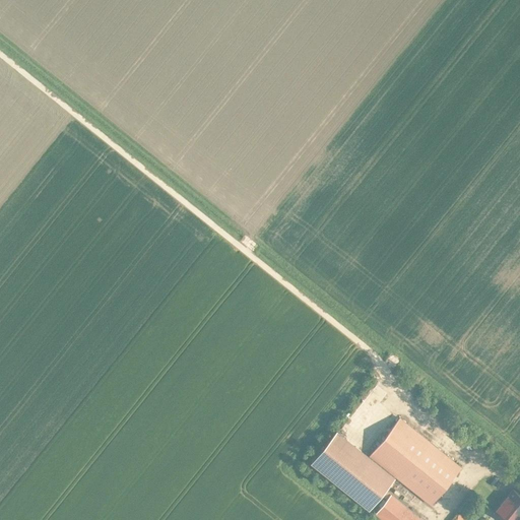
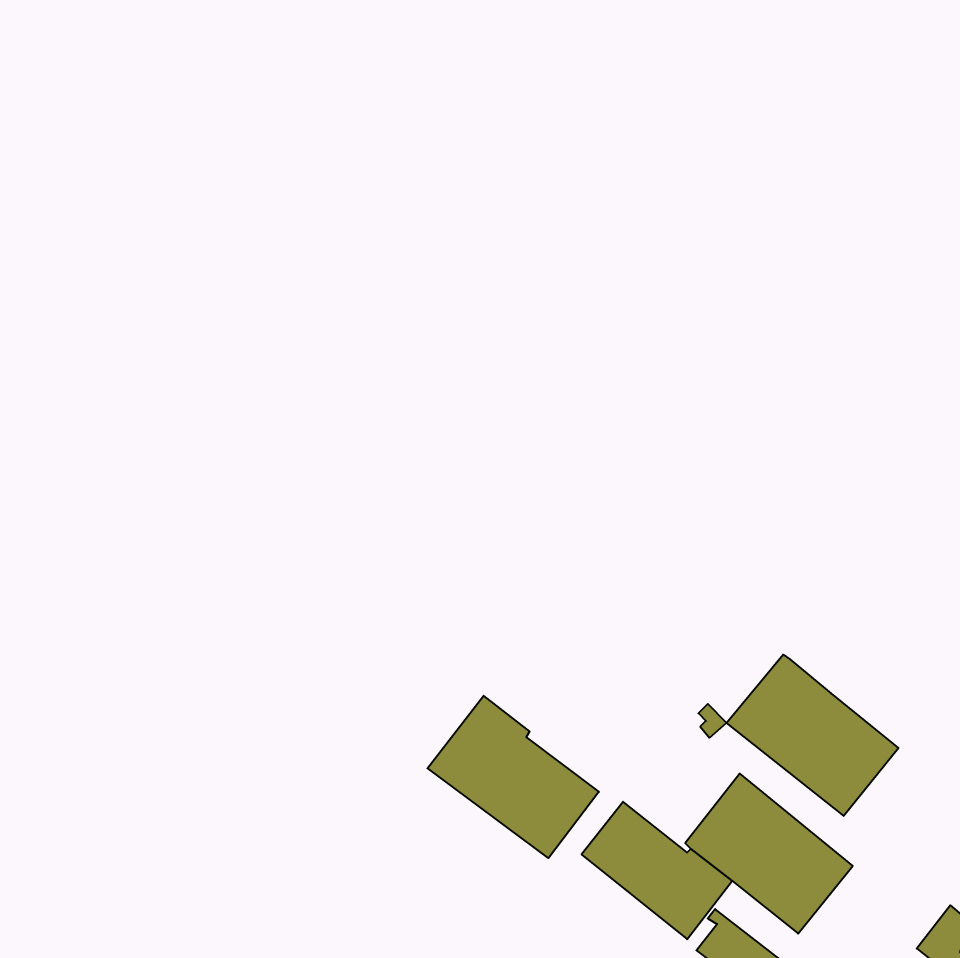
building: none -> [727,655,898,816]
building: none -> [427,696,599,858]

